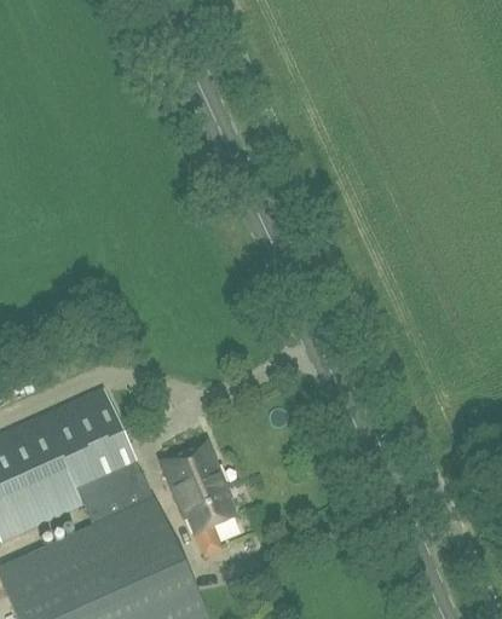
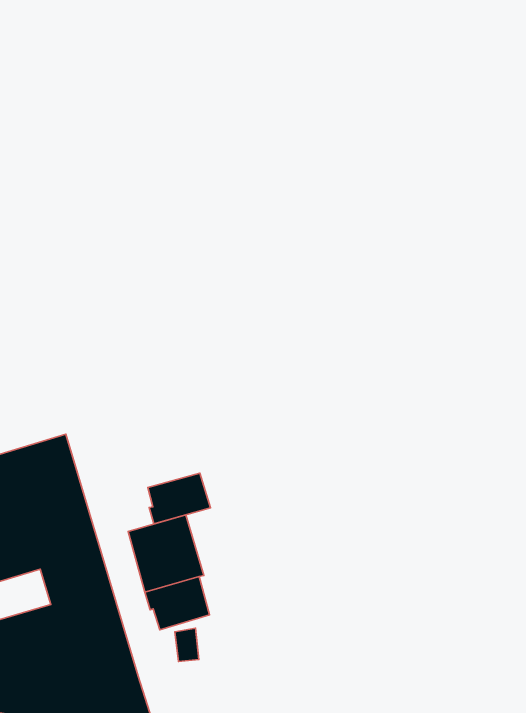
building: none -> [148,473,211,524]

